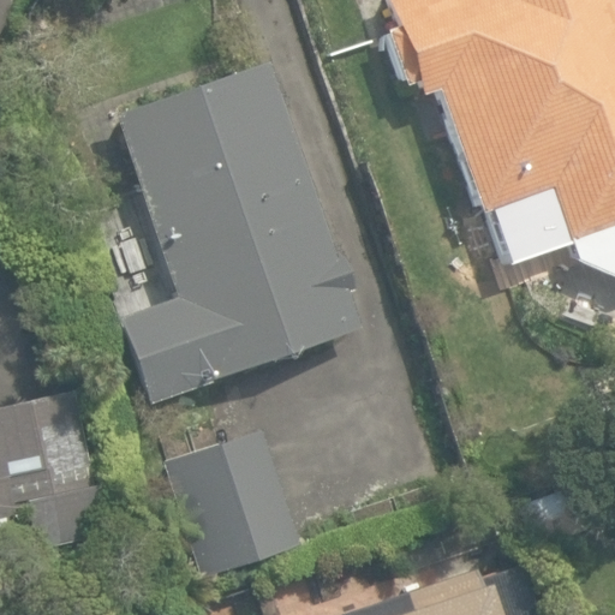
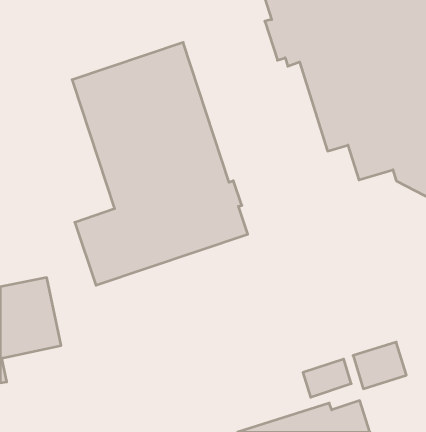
building: [166,429,304,577] -> none

